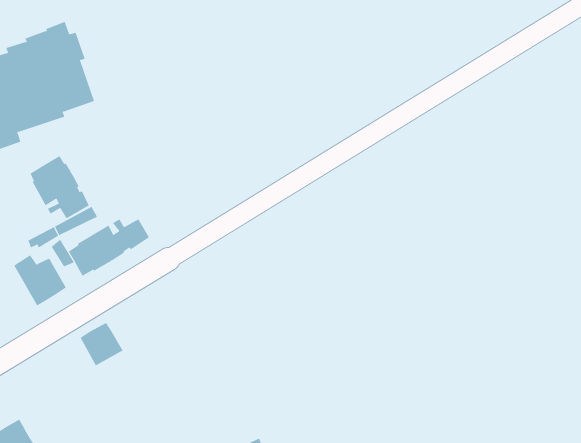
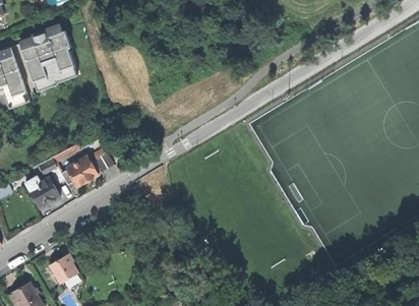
building: [30,155,89,219] -> none
building: [80,322,124,366] -> [49,254,77,283]

